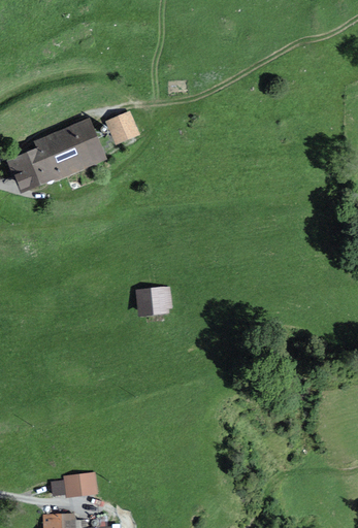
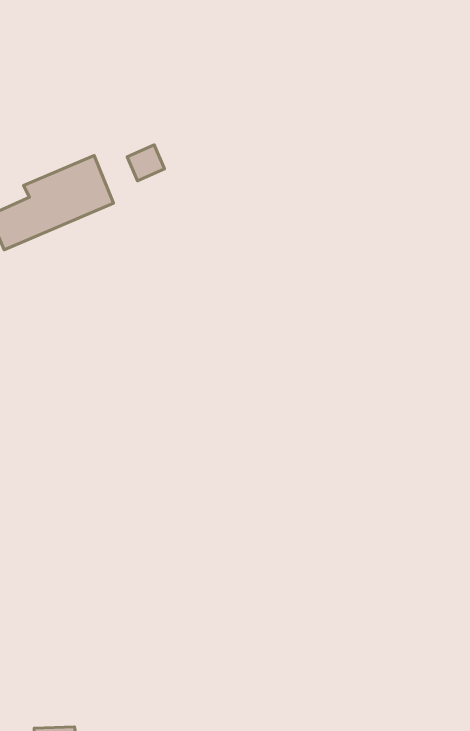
building: [138,290,168,311] -> none
building: [64,474,92,494] -> none

